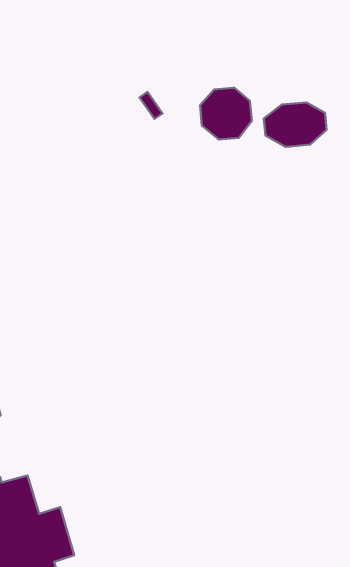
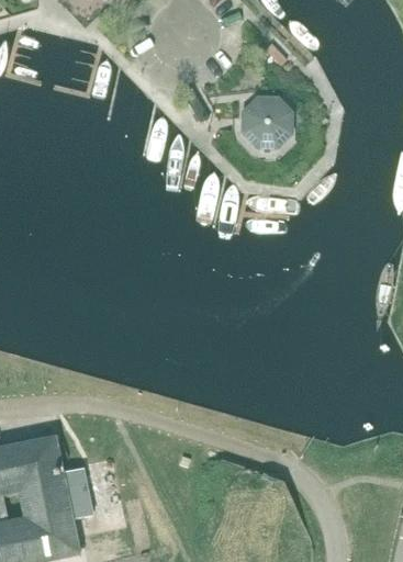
building: [264,102,327,147] -> none

